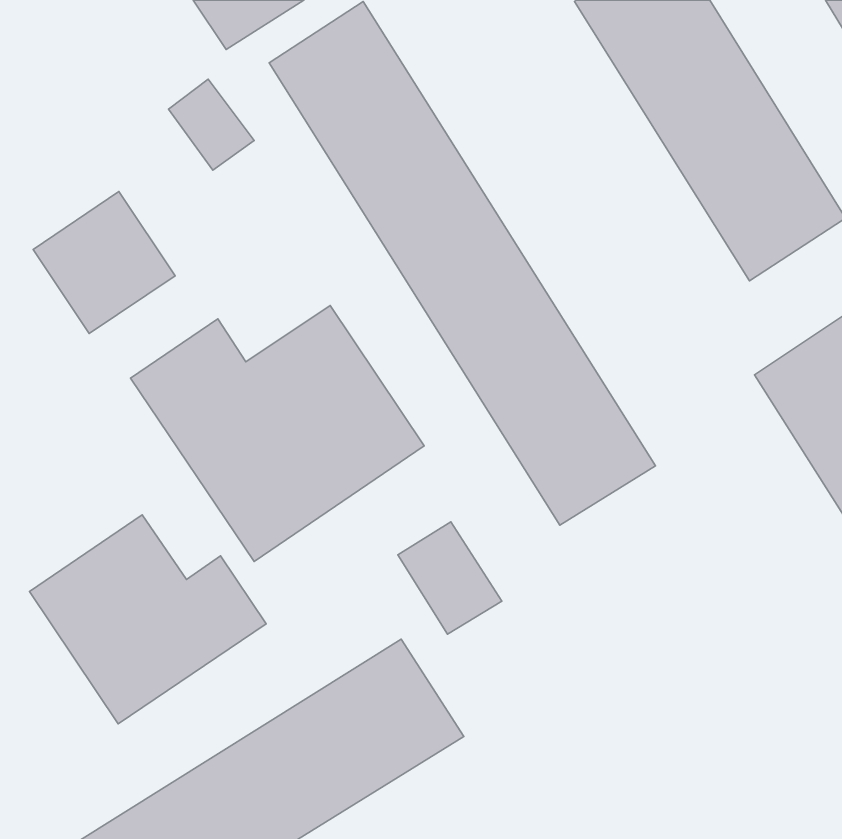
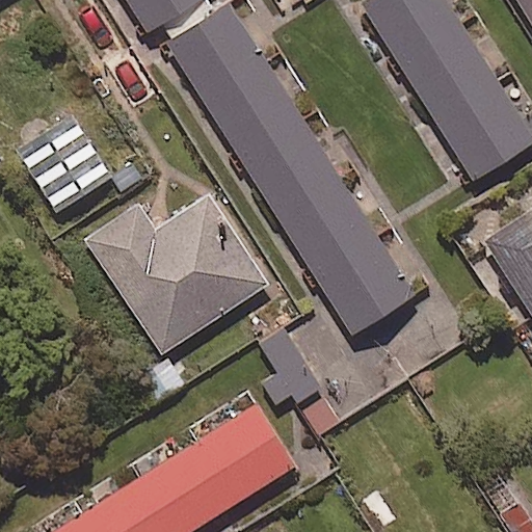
building: [30,515,266,724] -> none

